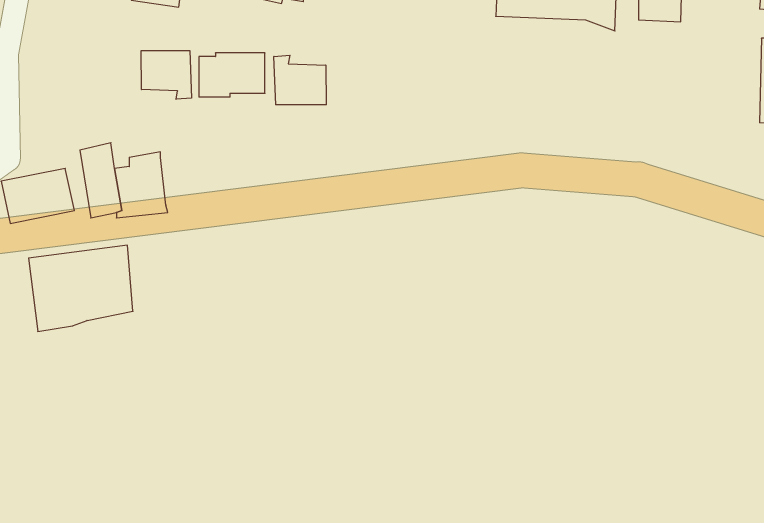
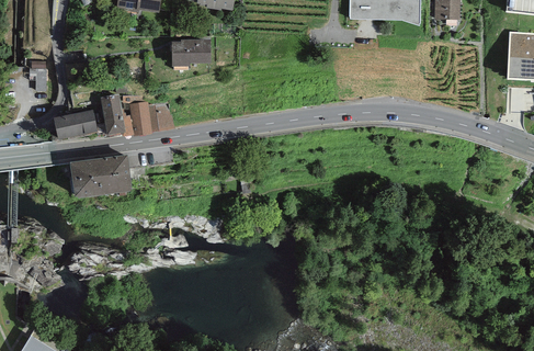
building: [141,51,191,99] -> none
building: [274,55,326,105] -> none
building: none -> [148,102,174,132]

